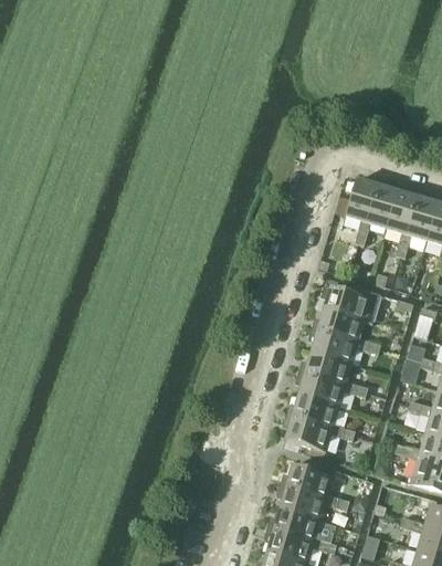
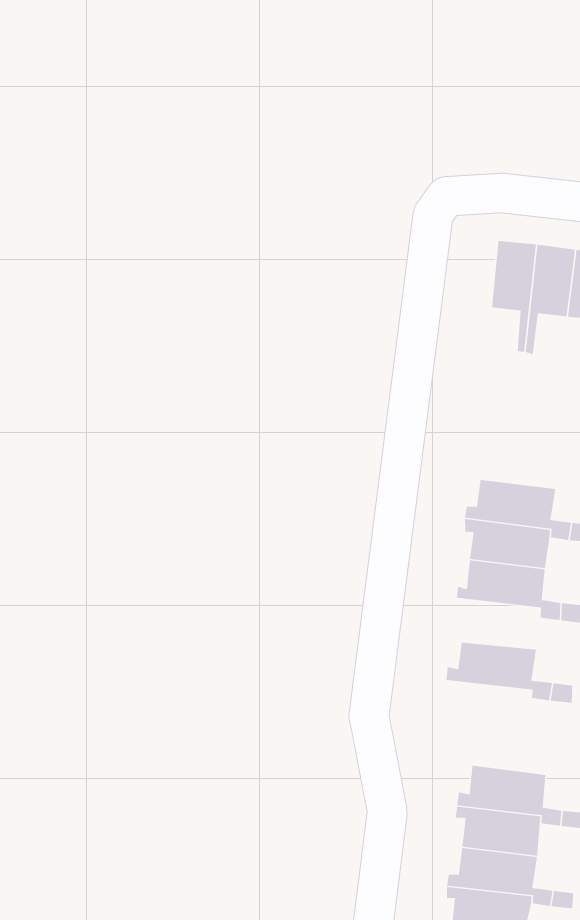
building: [324,283,372,319] -> none
building: [298,370,346,406] -> none
building: [286,415,334,450] -> none

